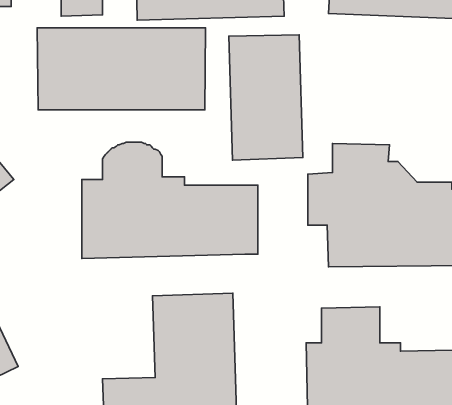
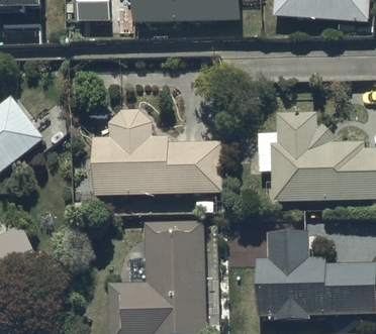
building: [37,28,205,110] -> none
building: [229,35,303,160] -> none

